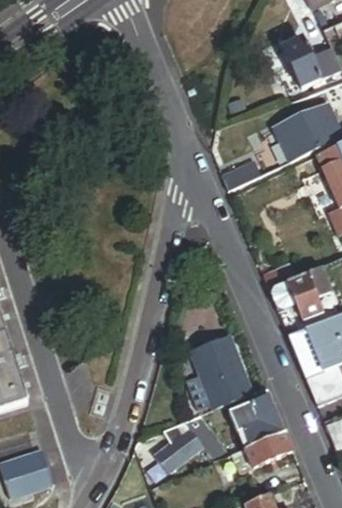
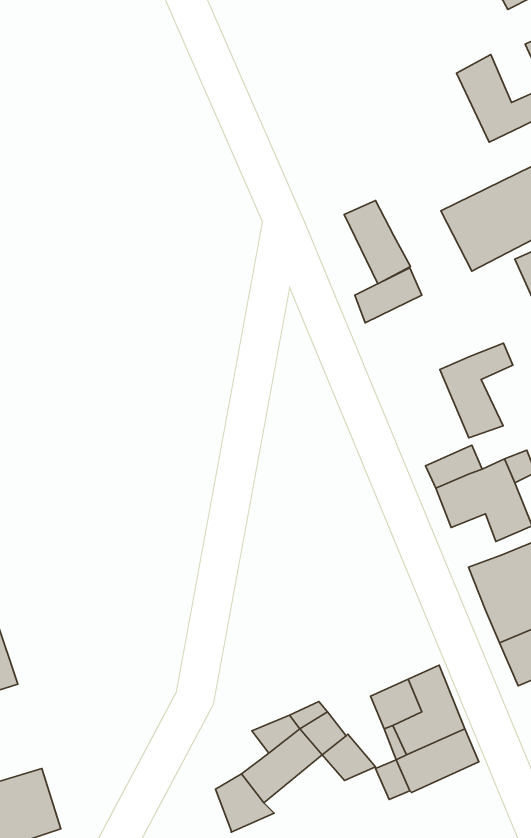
building: none -> [344,200,410,284]
building: none -> [440,343,513,438]
building: [191,331,255,407] -> none

